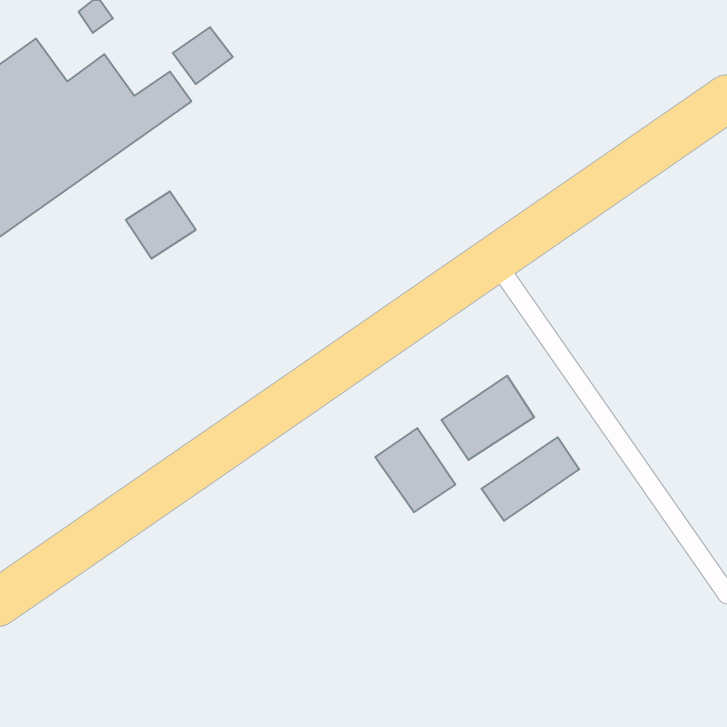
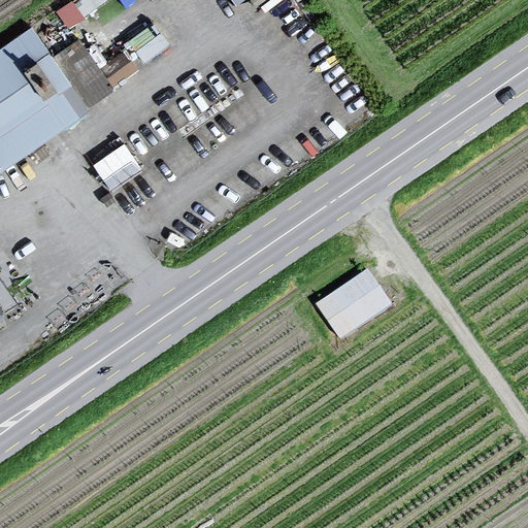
building: [375,428,455,512] -> none
building: [481,437,579,521] -> none

